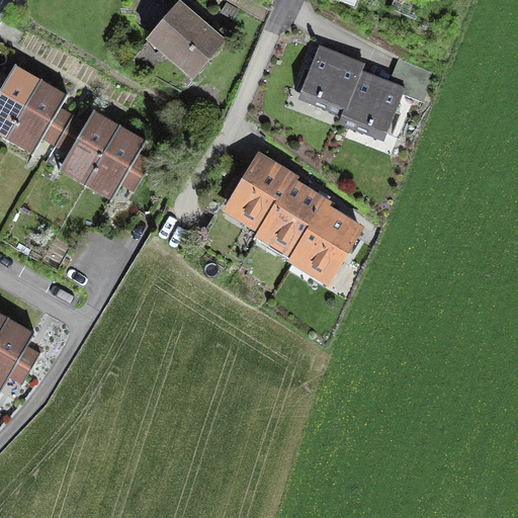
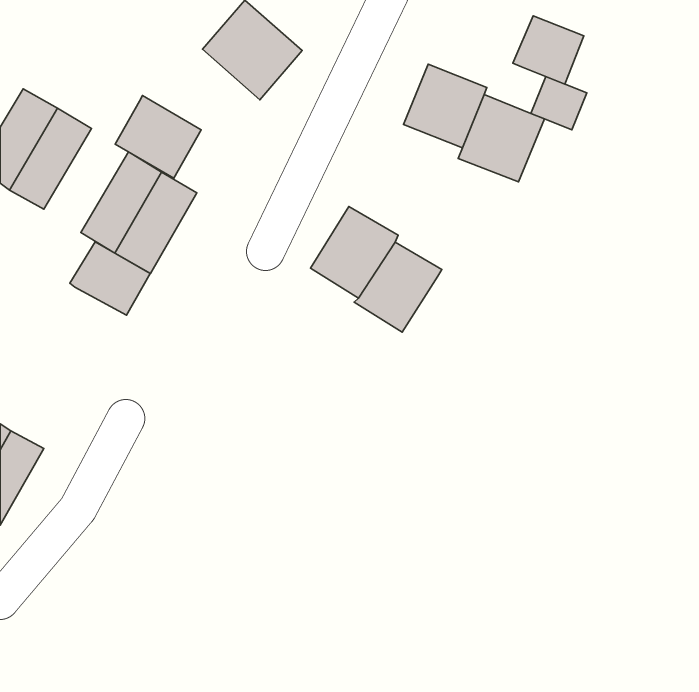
building: none -> [513,16,584,84]
building: none -> [115,96,201,178]
building: none -> [70,242,150,315]
building: [294,204,359,272] -> none

